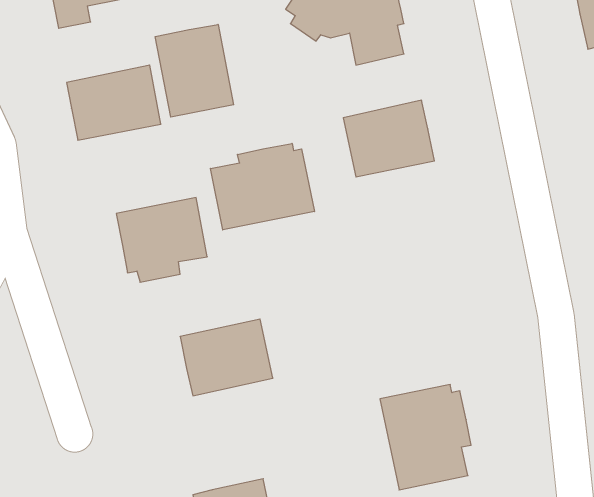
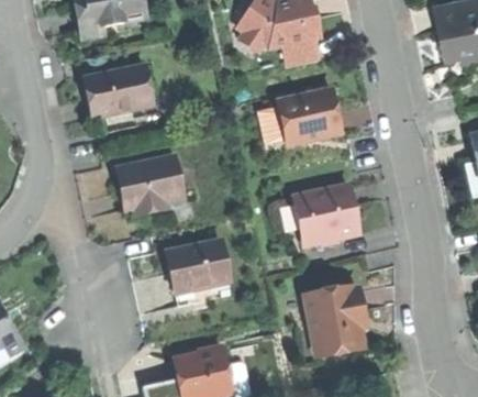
building: [155,24,234,117] -> none
building: [210,143,314,230] -> none
building: none -> [293,185,358,244]

